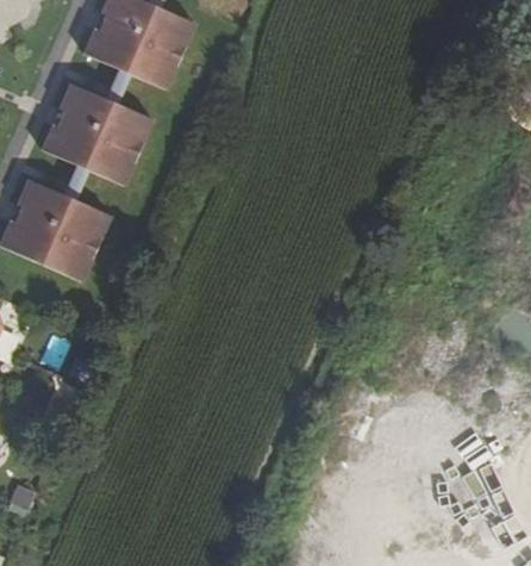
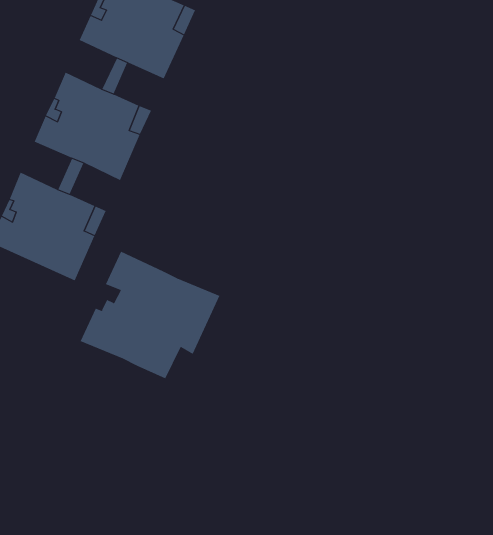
building: none -> [80,251,220,379]

